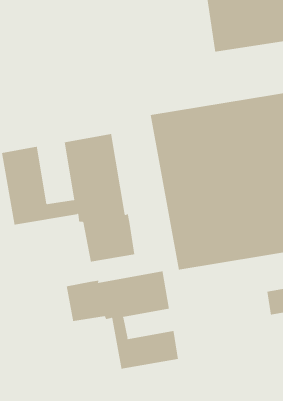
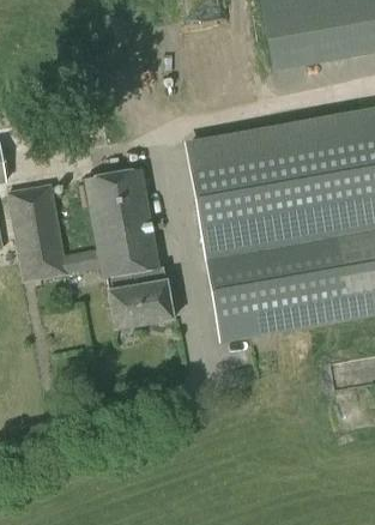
building: [66,270,178,370] -> none

